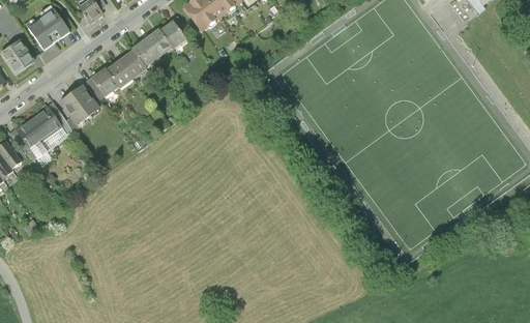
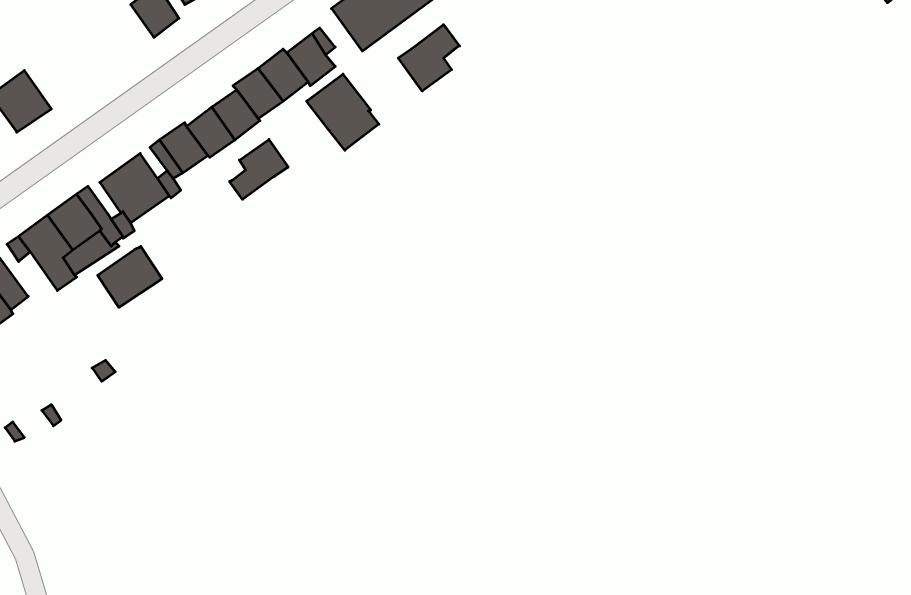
building: [28,7,70,49] -> none
building: none -> [398,25,460,91]
building: none -> [307,74,379,150]
building: none -> [230,139,288,199]
building: none -> [98,246,162,307]

